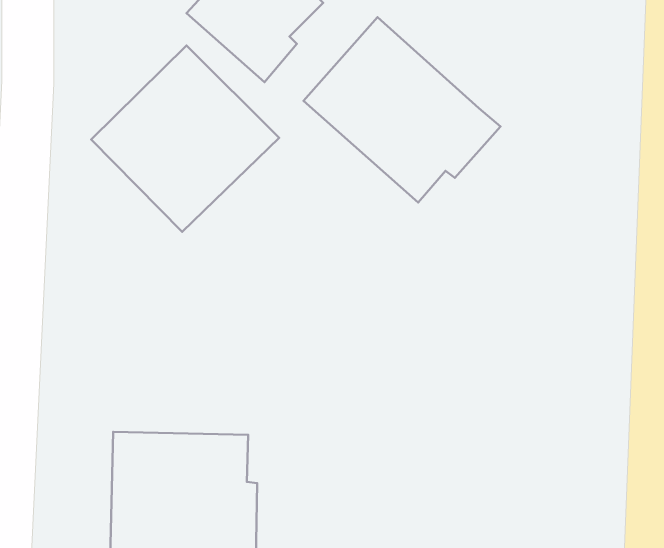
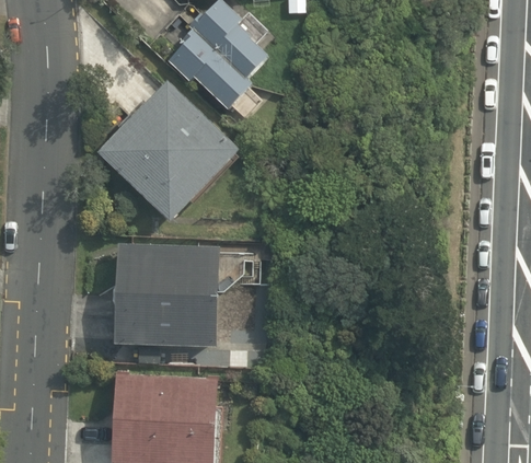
building: [304,17,501,202] -> none
building: none -> [113,235,218,345]

